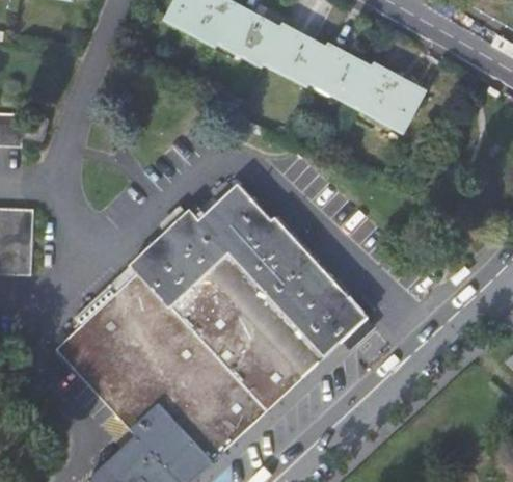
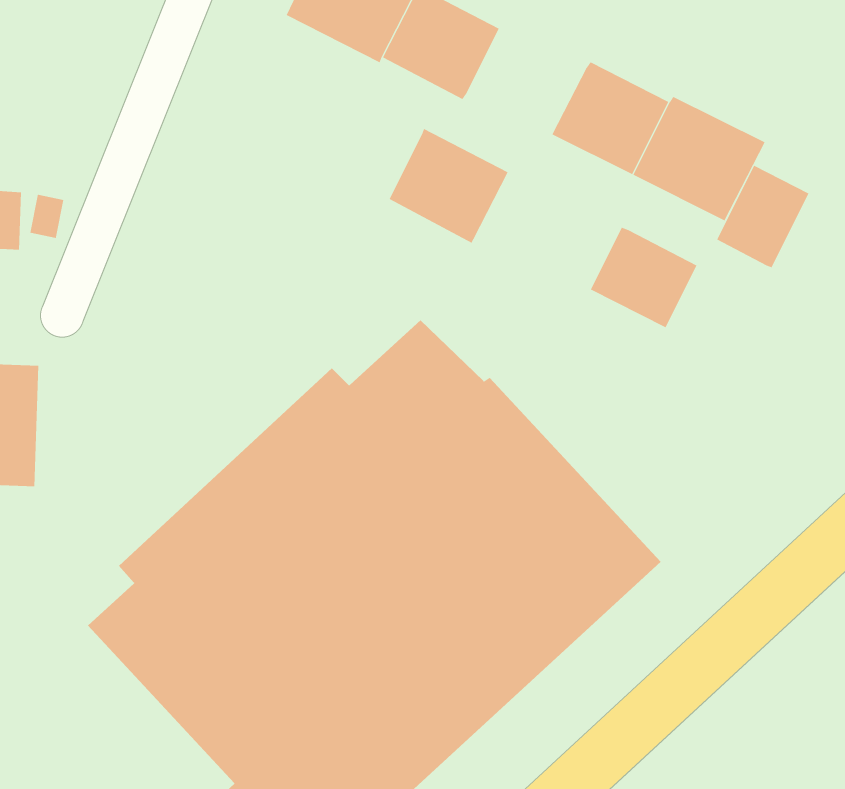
building: [263,24,327,86] -> [389,128,508,244]
building: none -> [716,165,809,268]
building: none -> [590,227,697,328]

